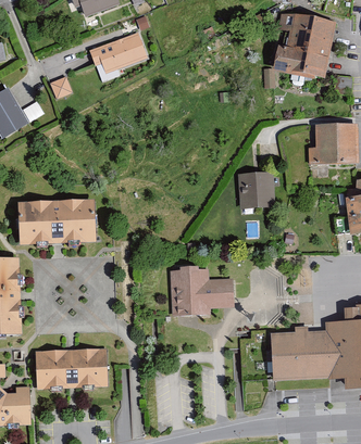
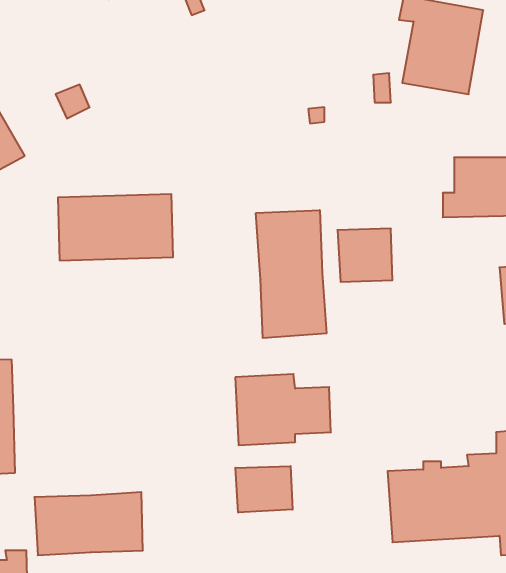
building: [89,33,147,72] -> none
building: none -> [256,210,326,338]
building: [20,201,97,245] -> [58,194,173,260]
building: none -> [235,466,293,513]

